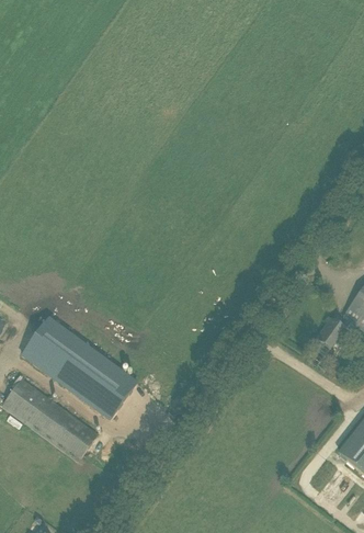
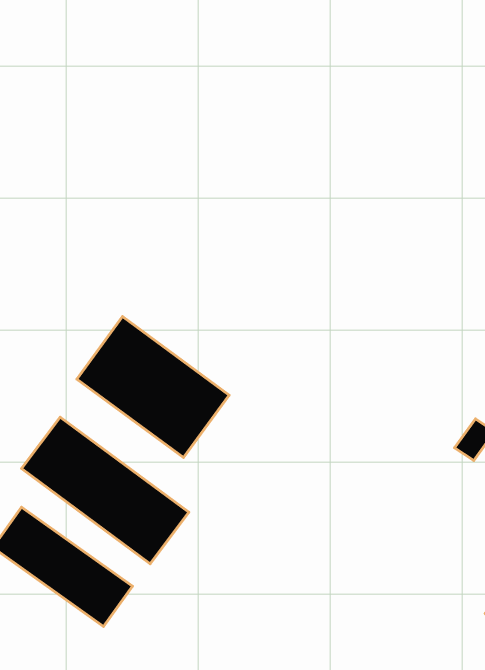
building: none -> [77,317,229,458]

